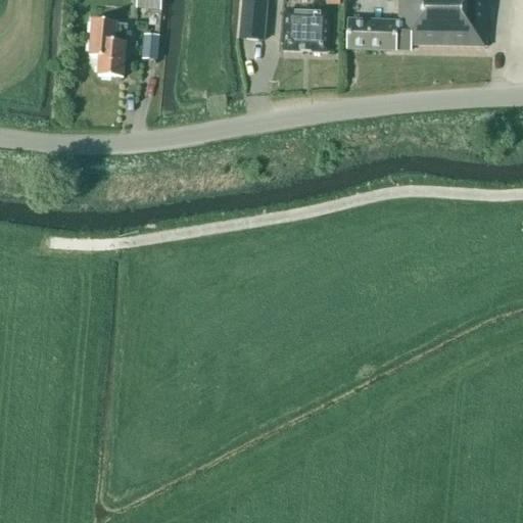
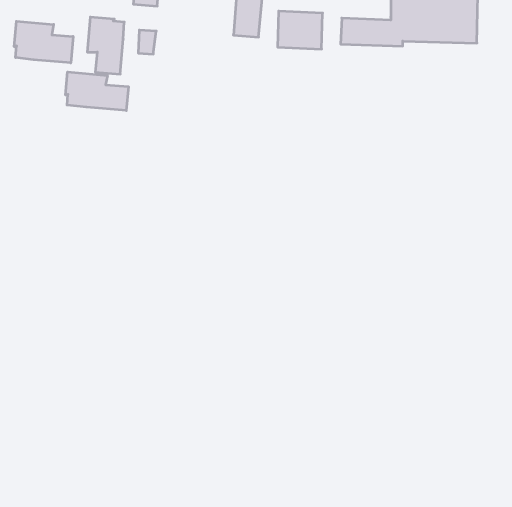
building: none -> [14,21,73,63]
building: none -> [66,72,128,111]

